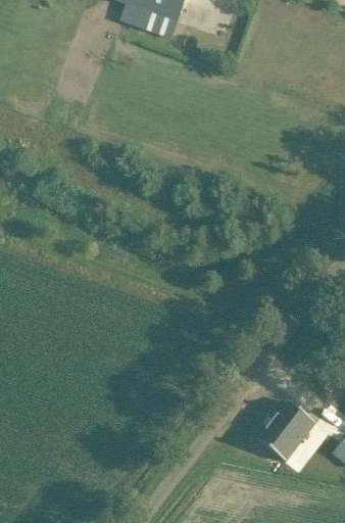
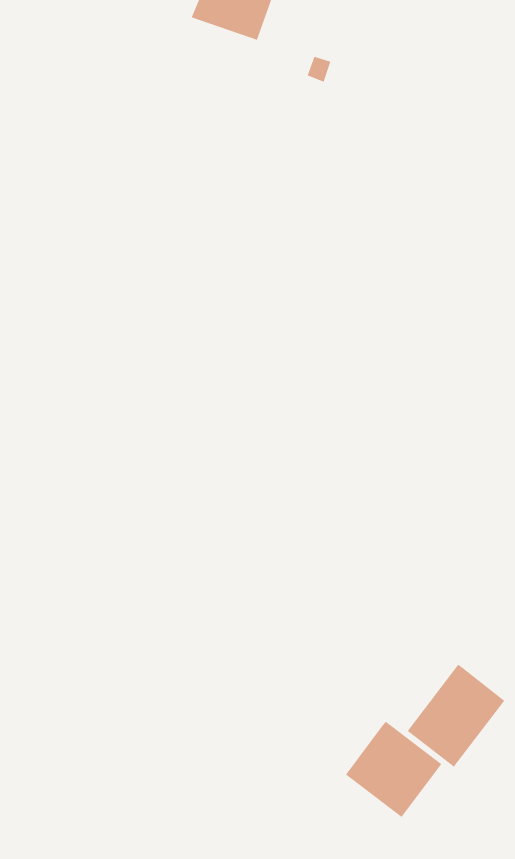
building: none -> [345,721,442,818]

